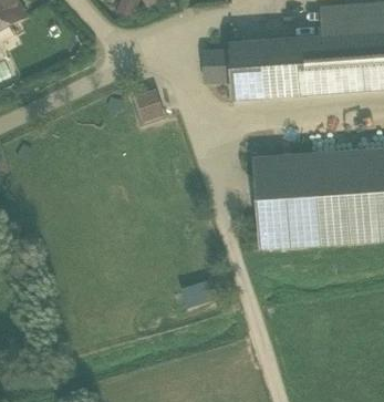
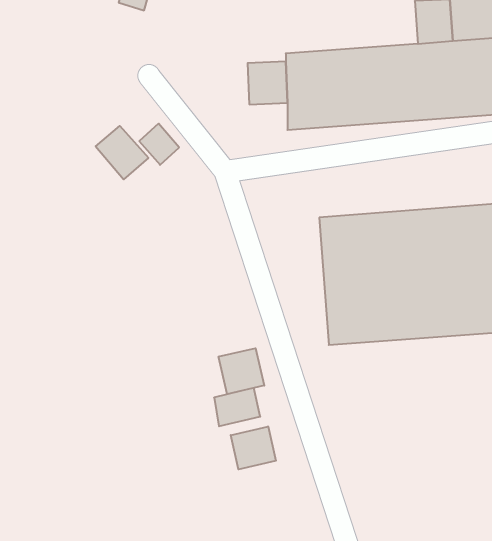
building: none -> [96,126,148,179]
building: none -> [219,348,264,394]
building: none -> [231,426,276,469]

